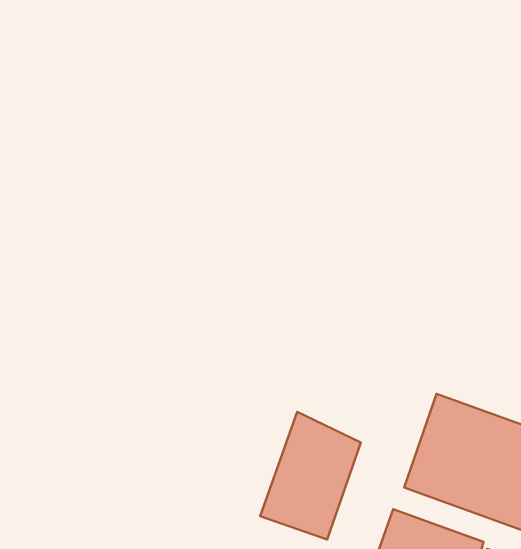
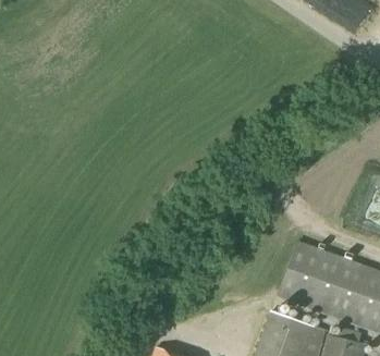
building: [260,412,361,540] -> none

